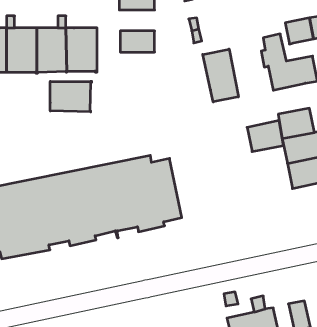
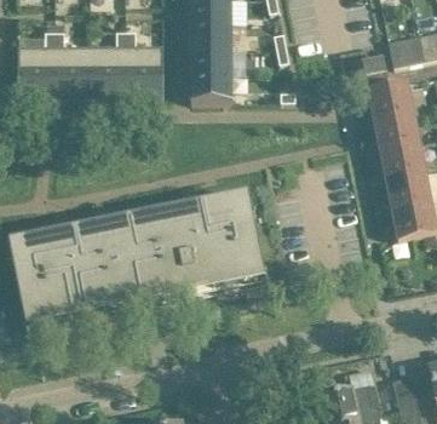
building: none -> [189,24,231,50]
building: [203,49,238,102] -> none
building: none -> [190,75,231,102]
building: [50,81,92,112] -> none
building: [247,120,283,152] -> [374,113,418,150]

